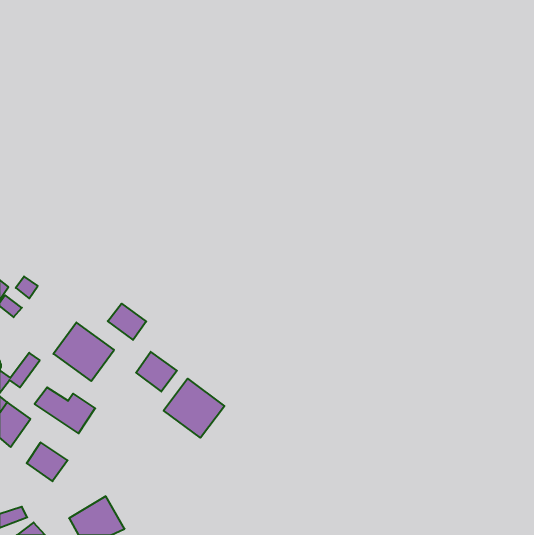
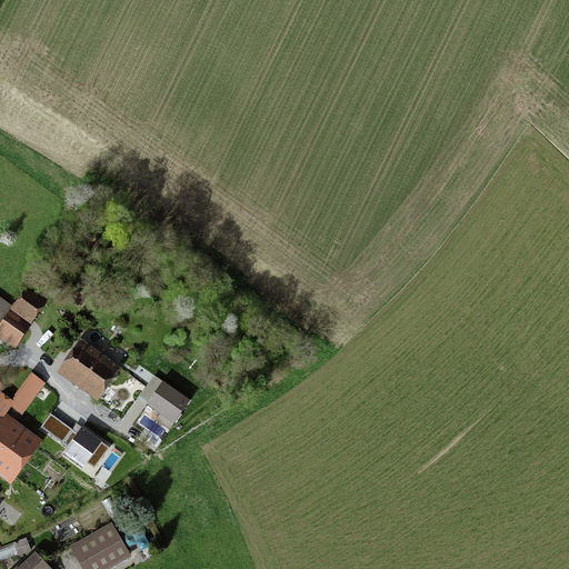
building: [108,304,146,340] -> none
building: [164,379,224,438] -> none
building: [27,442,68,481] -> none

